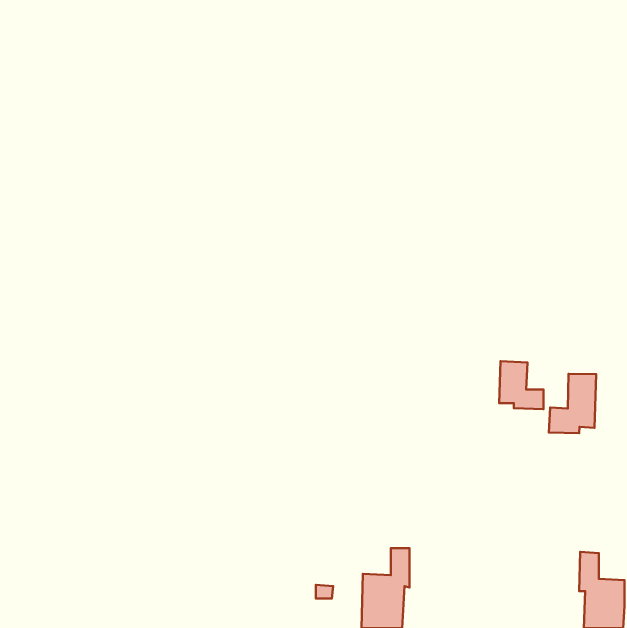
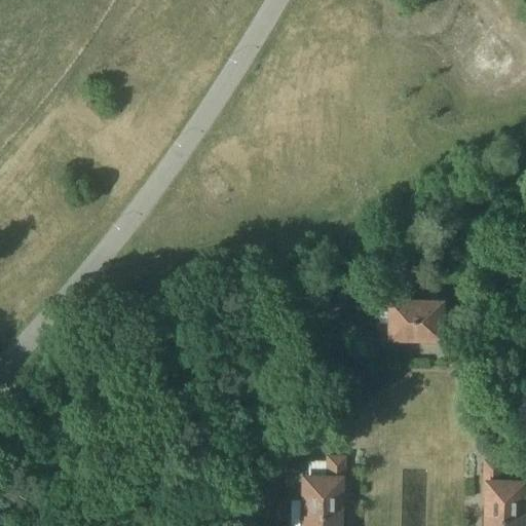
building: none -> [379,302,418,340]
building: [549,374,596,433] -> none

